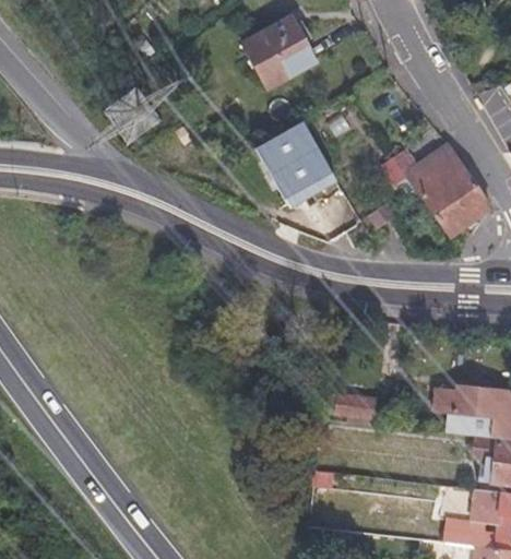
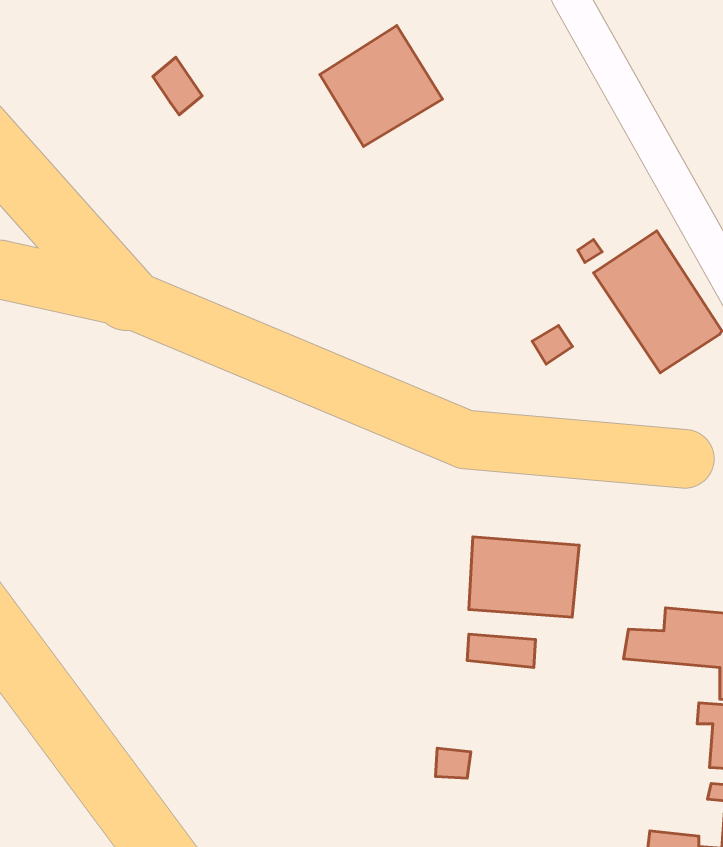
building: [260,120,337,207] -> none
building: none -> [469,537,579,617]

